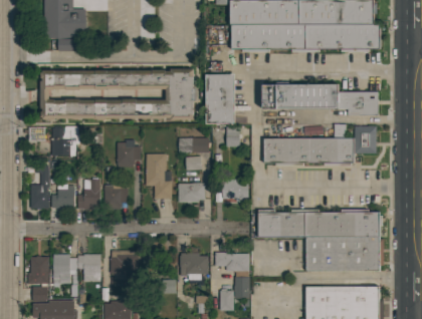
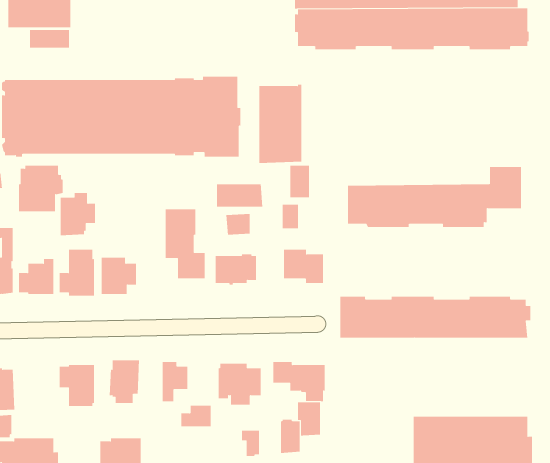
building: [262,81,378,115] -> none
building: [117,139,140,168] -> [60,192,96,236]
building: [306,237,384,271] -> none
building: [51,254,69,283] -> none

